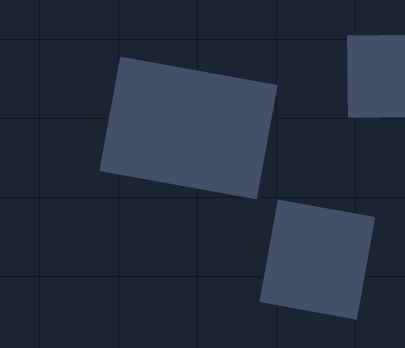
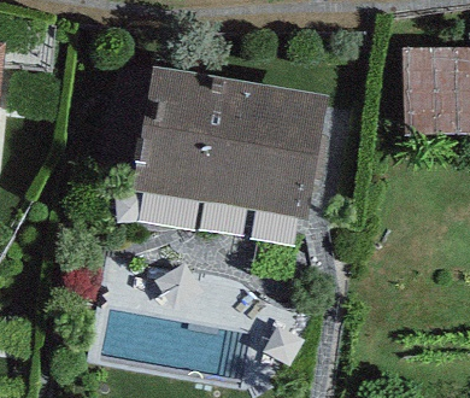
building: [259,199,376,320] -> none

